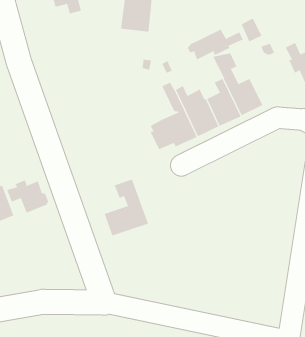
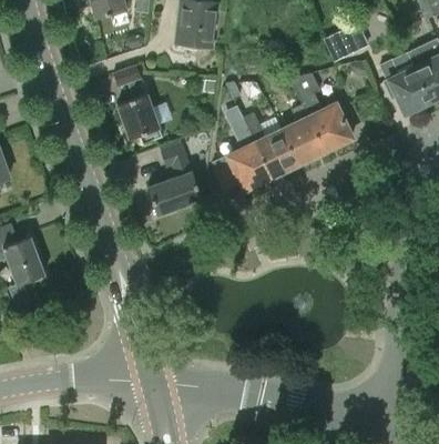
building: [187,29,243,60] -> none
building: none -> [113,64,162,143]
building: [104,179,149,236] -> [147,144,203,215]
building: [7,180,49,213] -> none

